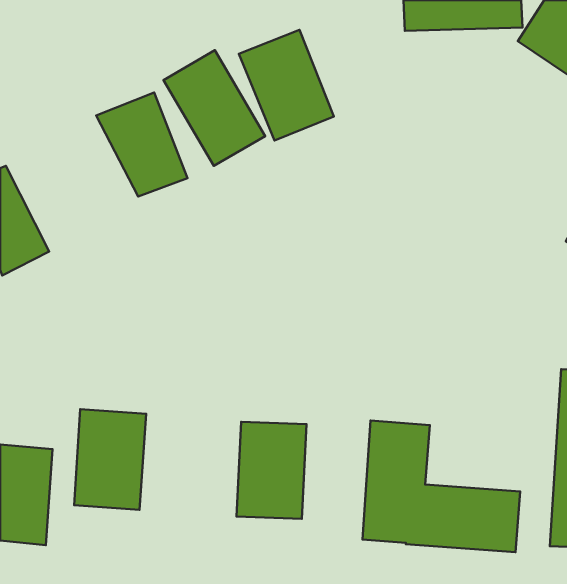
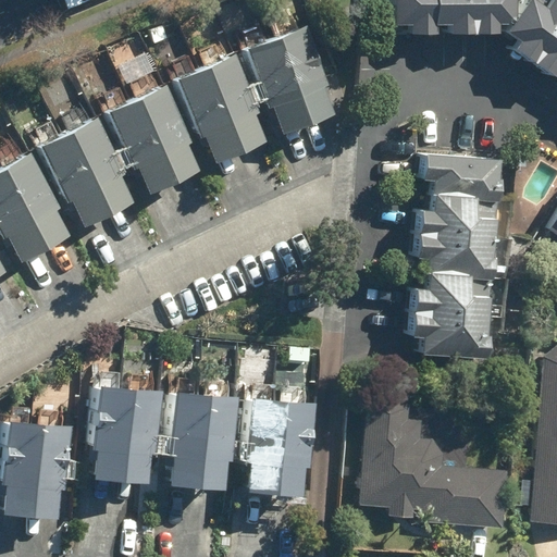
building: none -> [29,111,141,228]
building: none -> [419,150,506,357]
building: none -> [165,394,230,491]

